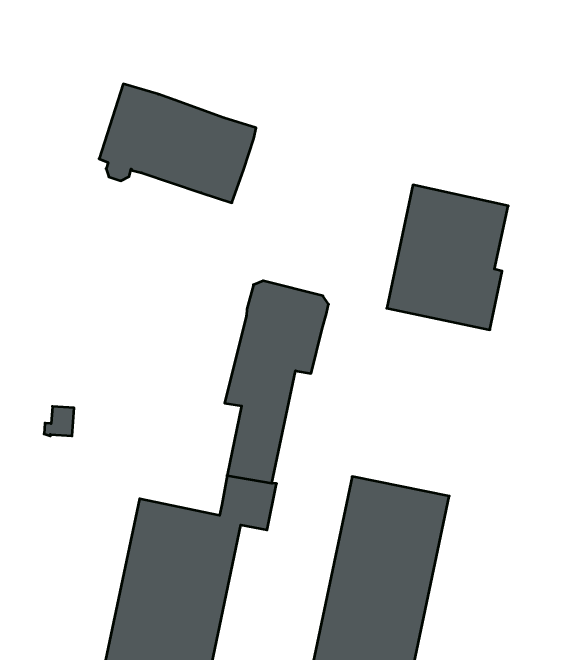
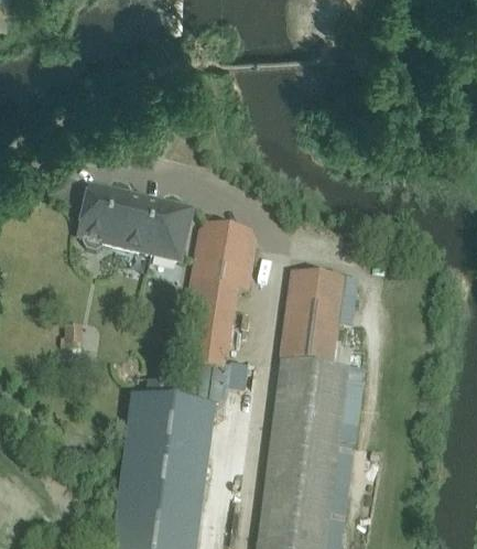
building: [99,84,256,203] -> [80,183,189,261]
building: [387,185,508,330] -> [280,272,360,370]

